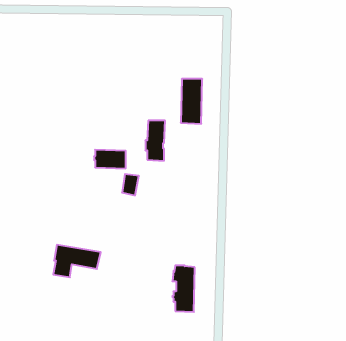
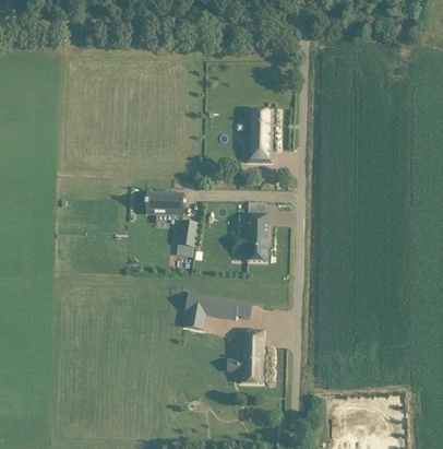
building: [145,121,165,161] -> [246,213,268,260]
building: [53,245,101,277] -> [184,291,240,329]

